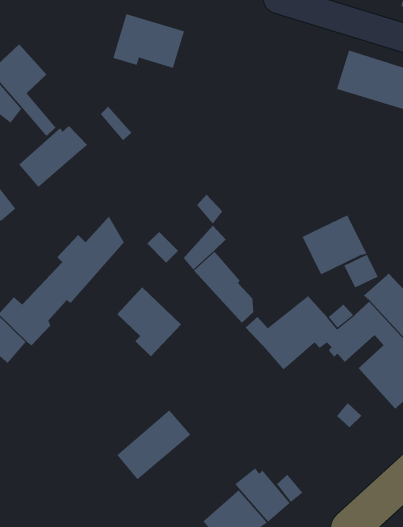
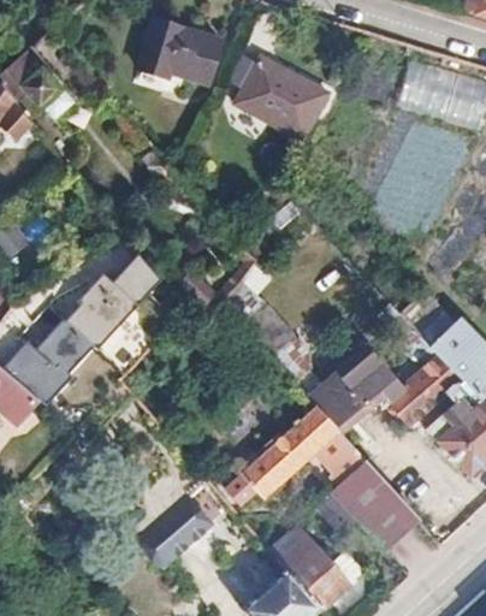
building: none -> [233,55,328,138]
building: [18,125,88,188] -> none
building: [302,215,367,275] -> none
building: [116,287,182,357] -> none
building: none -> [221,403,417,551]

